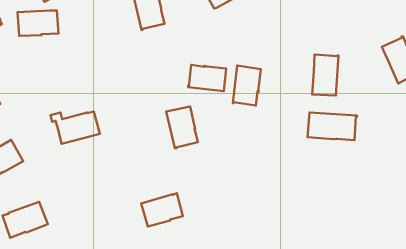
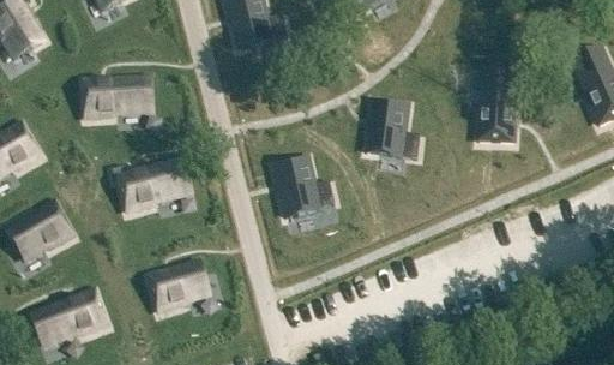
building: [18,10,58,36] -> [83,78,140,114]
building: [188,65,226,91] -> none
building: [307,113,357,140] -> none
building: [141,193,183,226] -> [148,262,206,309]

